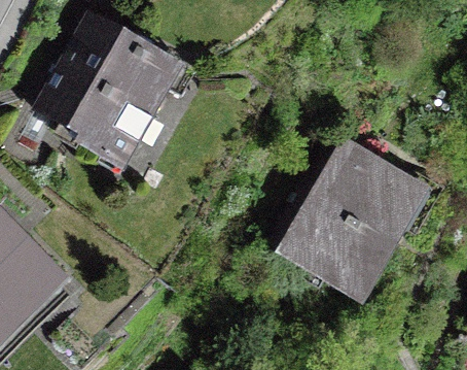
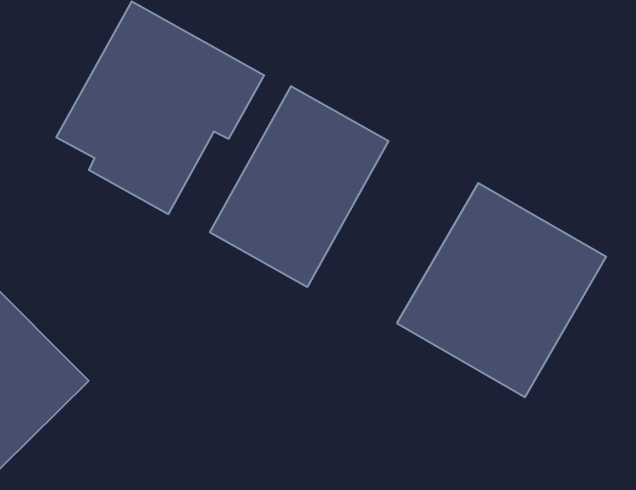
building: none -> [210,86,388,287]

